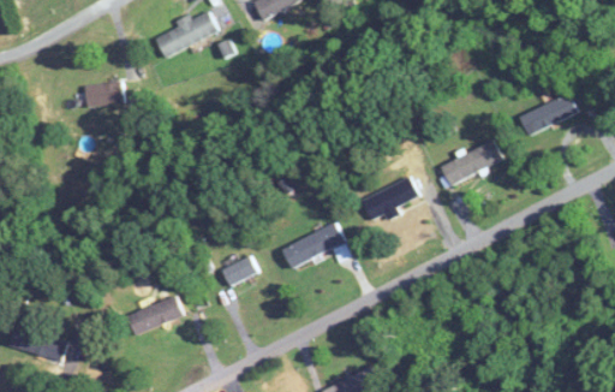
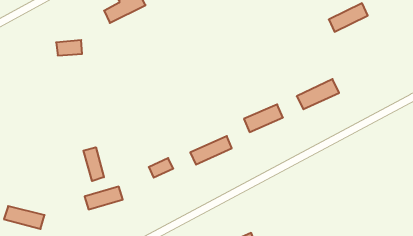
building: [518,94,575,136] -> [329,3,368,32]
building: none -> [83,147,104,181]

